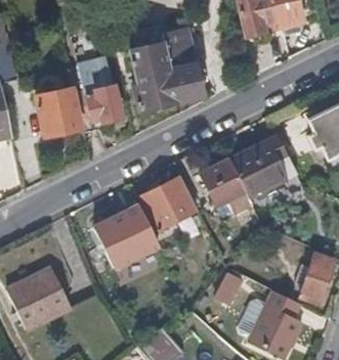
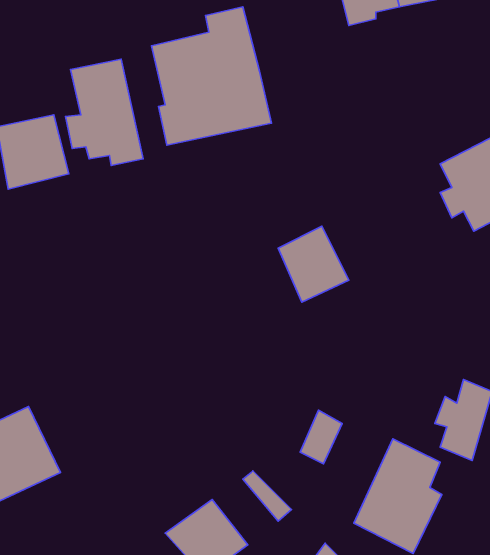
building: [230,136,286,194] -> none
building: [144,182,200,231] -> none
building: [95,208,160,268] -> none

